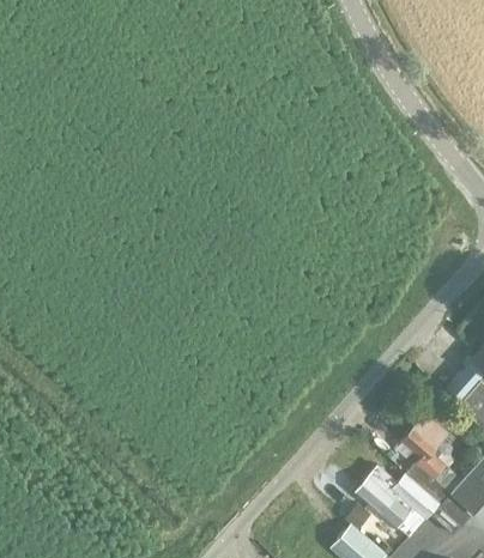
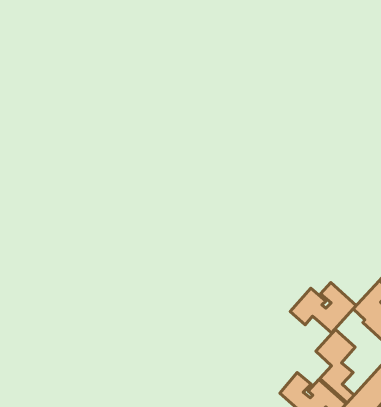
building: none -> [290,283,356,333]

